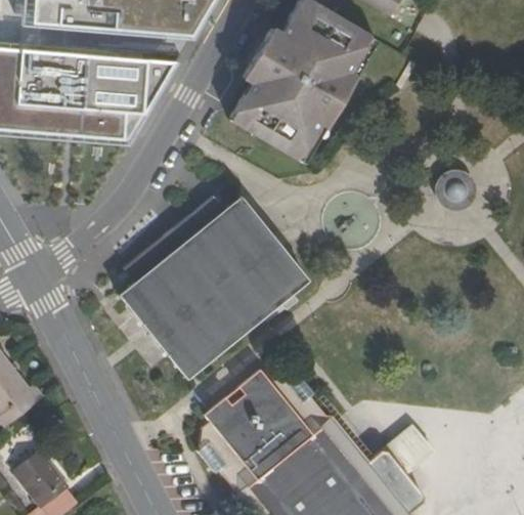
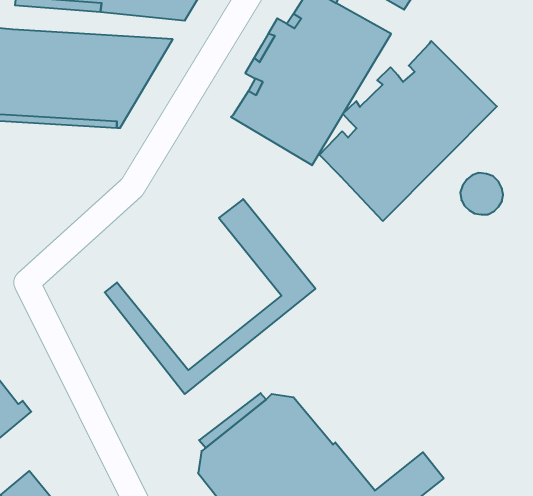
building: none -> [319,41,497,221]
building: [120,198,277,357] -> none

